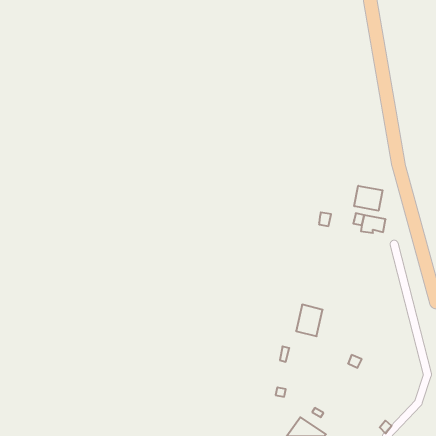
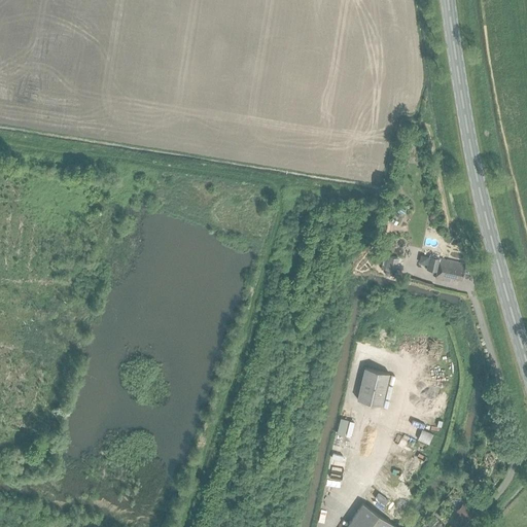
building: [354,186,383,211] -> none

